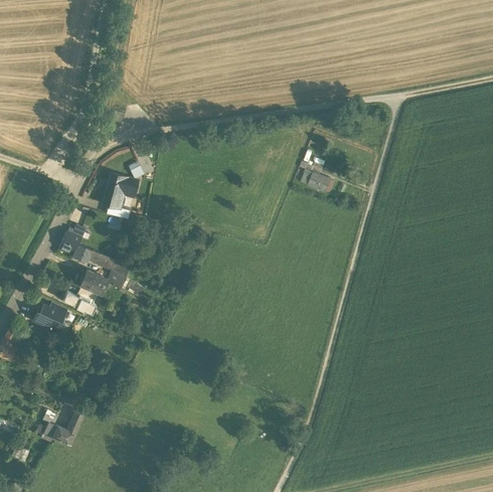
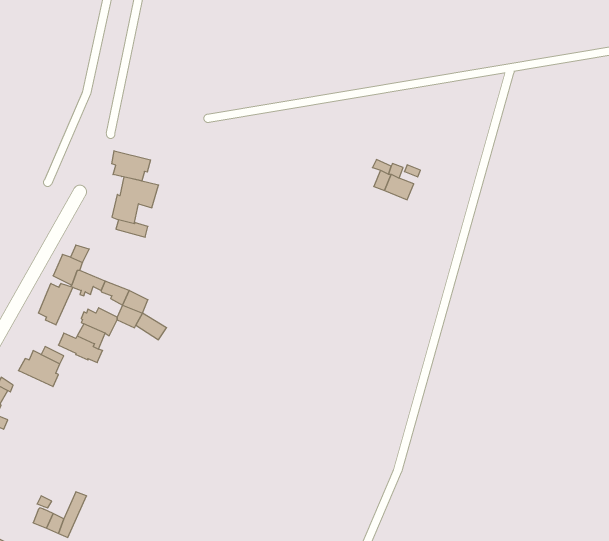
building: none -> [112,151,151,181]
building: none -> [39,283,73,325]

